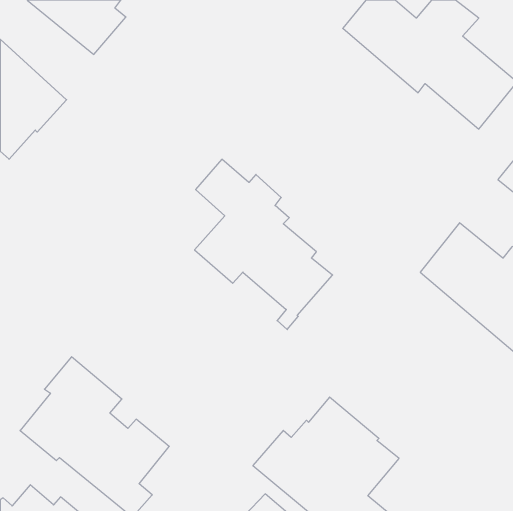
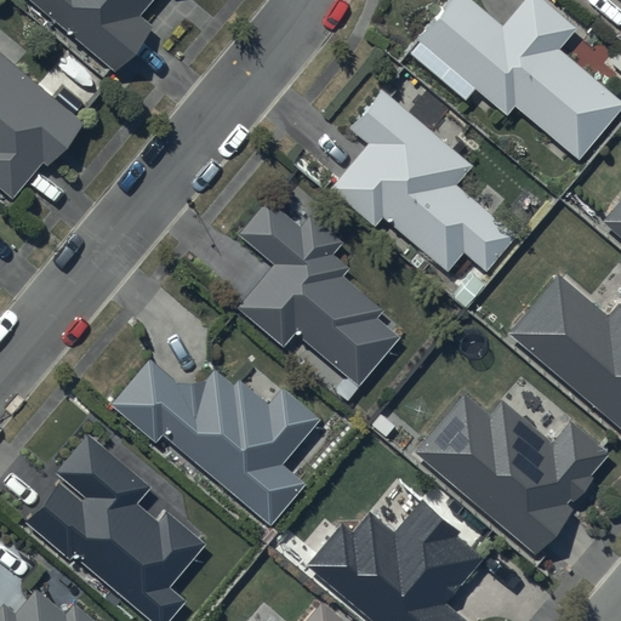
building: none -> [330,87,518,272]
building: none -> [110,358,320,524]
building: none -> [414,392,609,553]

